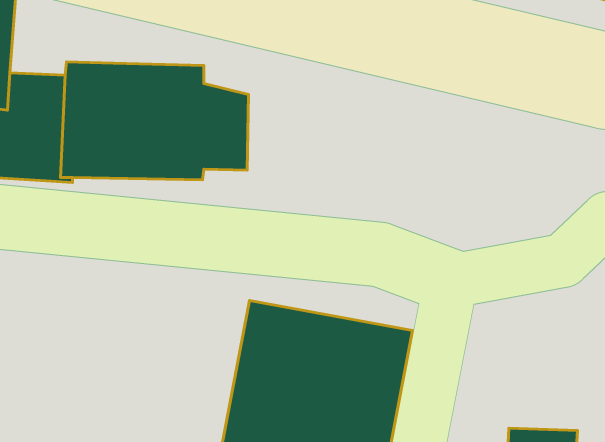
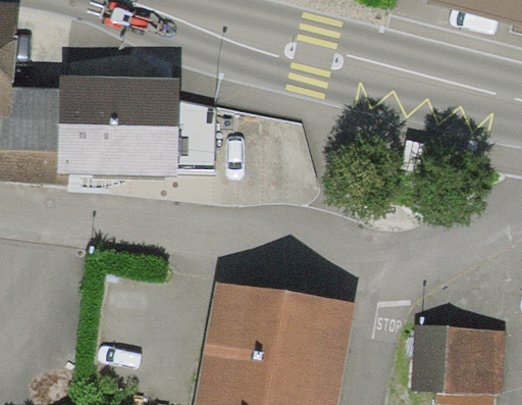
building: none -> [414,322,505,389]

